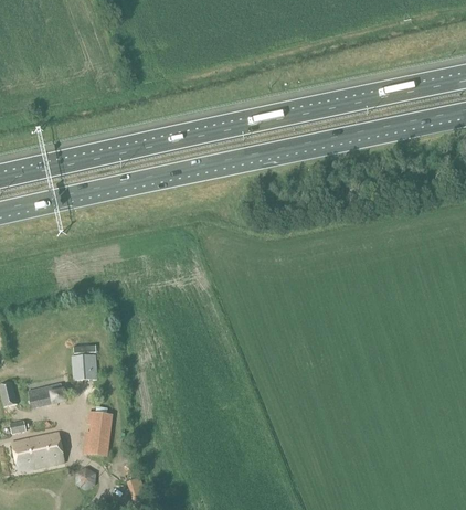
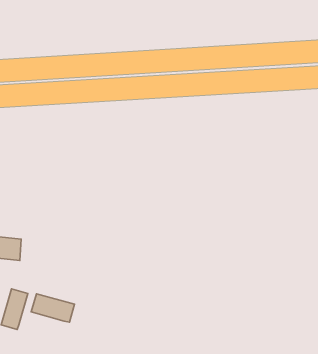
building: none -> [31,294,75,322]

